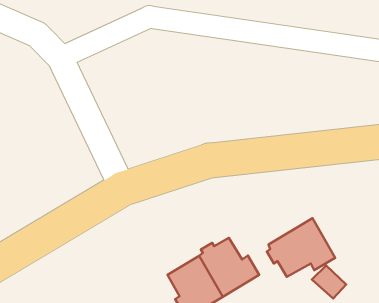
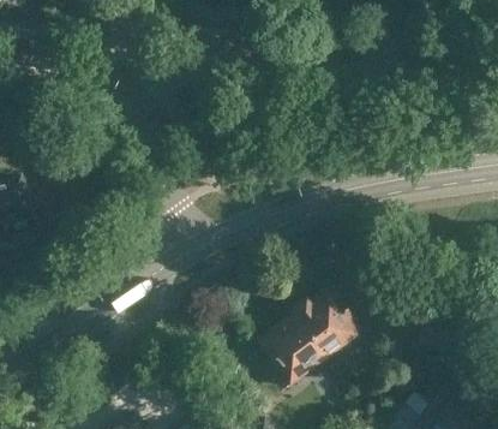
building: [267,218,335,277] -> none

